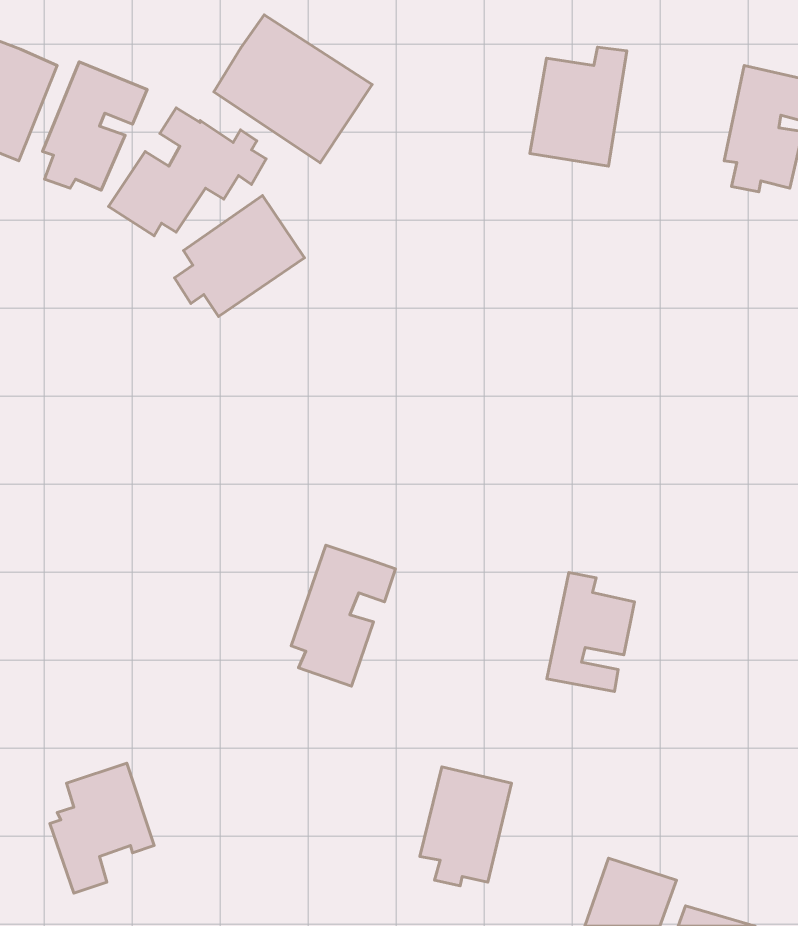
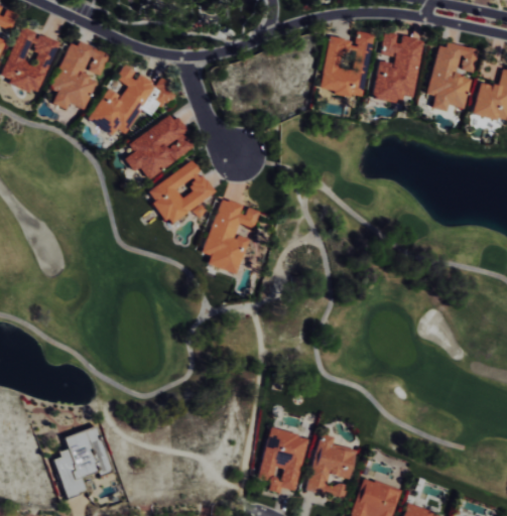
building: [214,15,372,163] -> none
building: none -> [371,31,422,103]
building: none -> [148,160,215,225]
building: [291,545,396,686] -> [203,198,260,275]
building: [547,572,635,691] -> [308,433,357,499]

